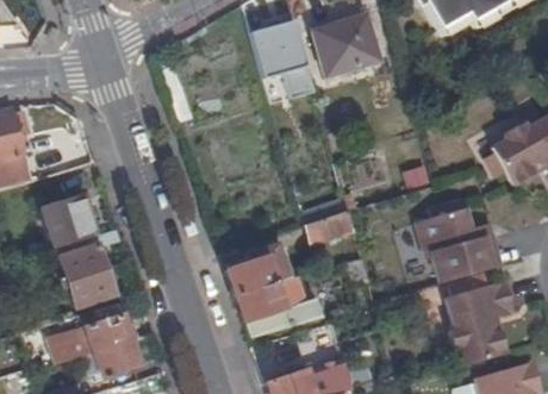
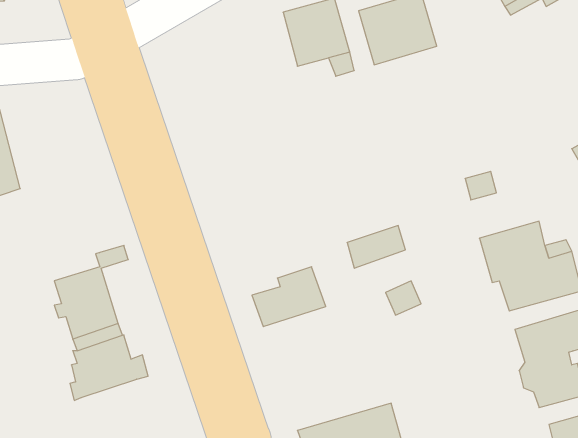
building: [35,194,99,249] -> none
building: [236,277,307,338] -> none
building: [83,339,139,380] -> none

